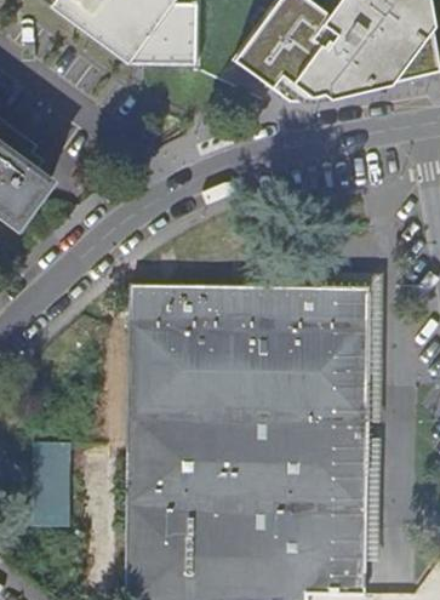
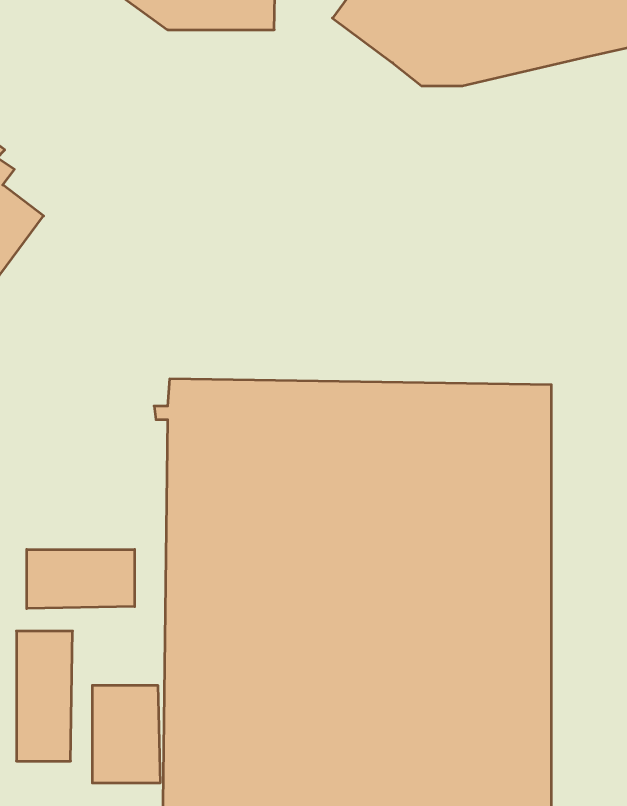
building: none -> [27,549,135,609]
building: none -> [92,685,160,783]

